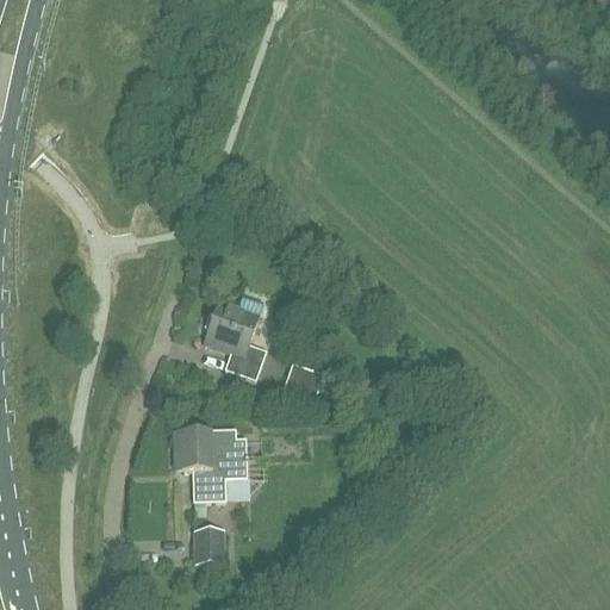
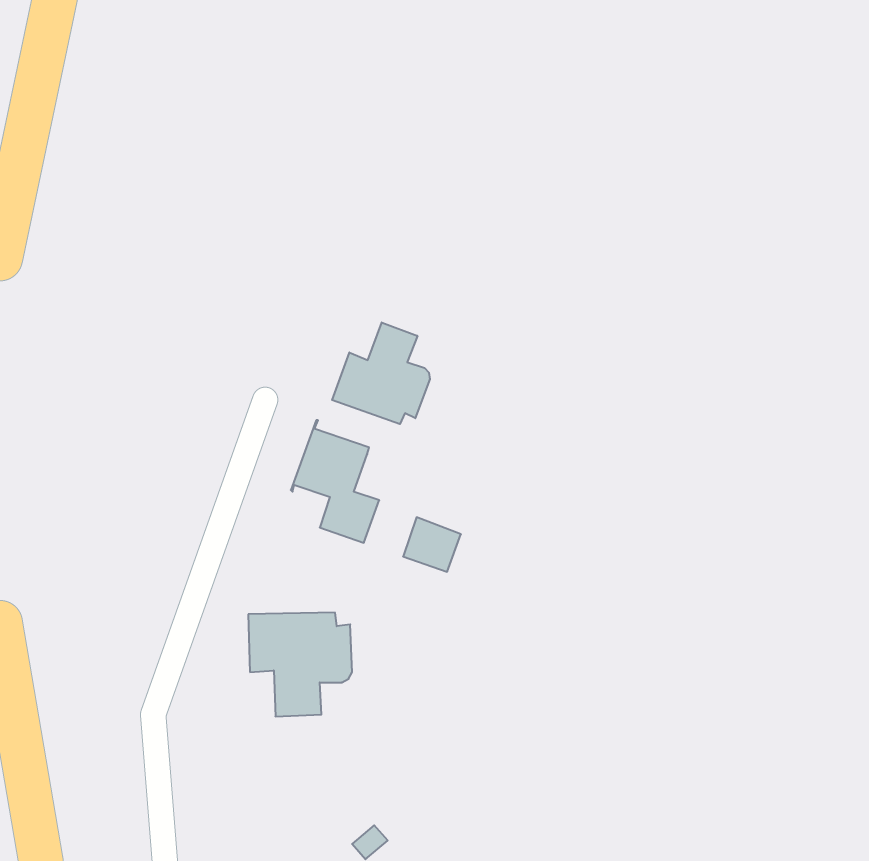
building: none -> [332,322,430,424]
building: [193,529,224,564] -> none

